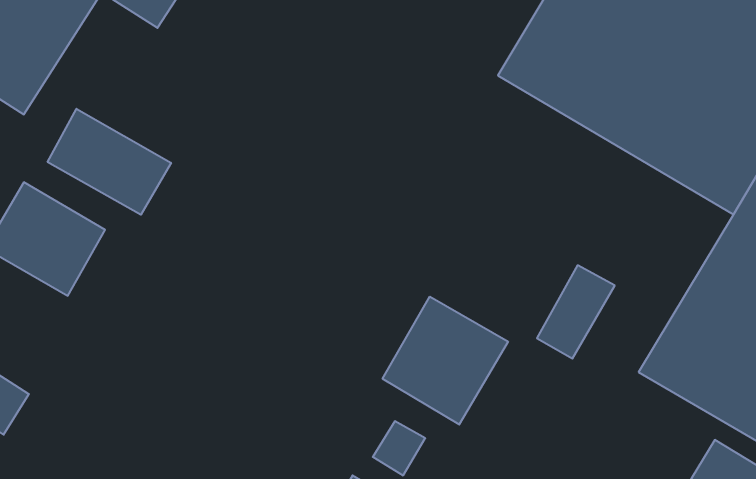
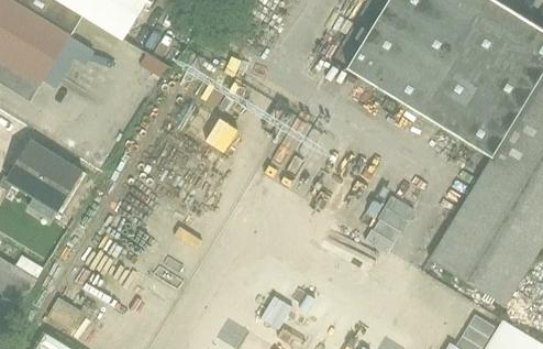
building: [48,109,171,215] -> none
building: [383,297,508,425] -> none

